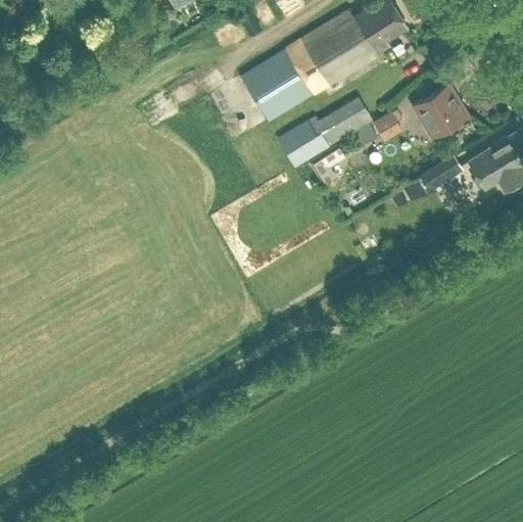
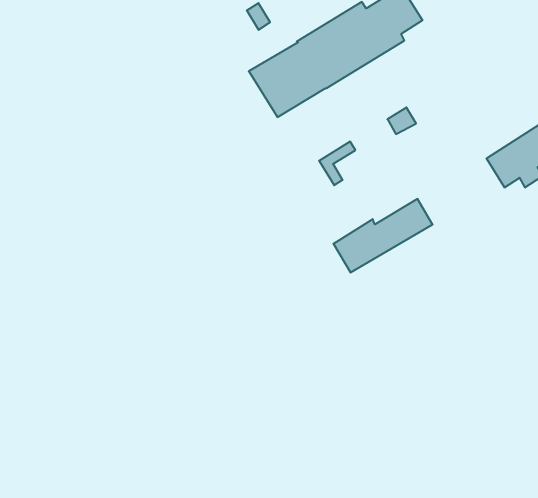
building: [411,85,468,140] -> none
building: [277,97,372,168] -> [333,199,433,272]
building: [418,154,461,191] -> none

